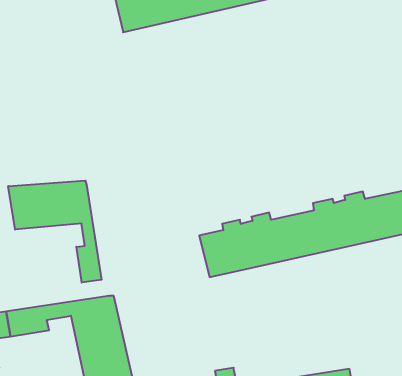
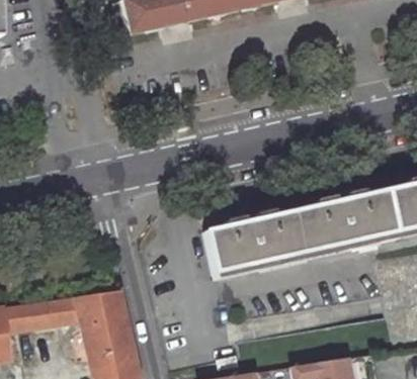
building: [8,181,102,283] -> none

